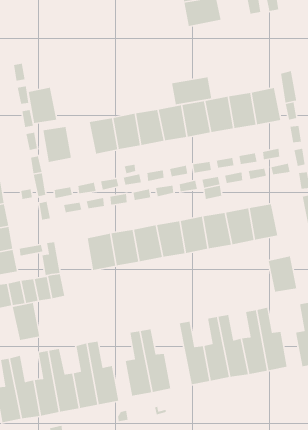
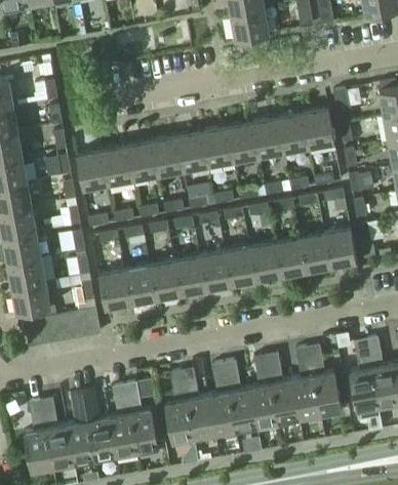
building: [171,76,212,105] -> none
building: [28,87,57,124] -> [102,144,133,184]
building: none -> [97,270,130,310]
building: [268,256,297,293] -> [324,228,356,268]
building: [12,302,40,341] -> none
building: none -> [208,362,237,434]

